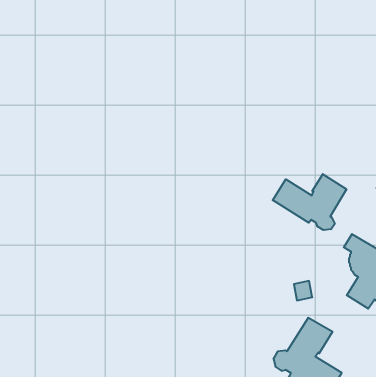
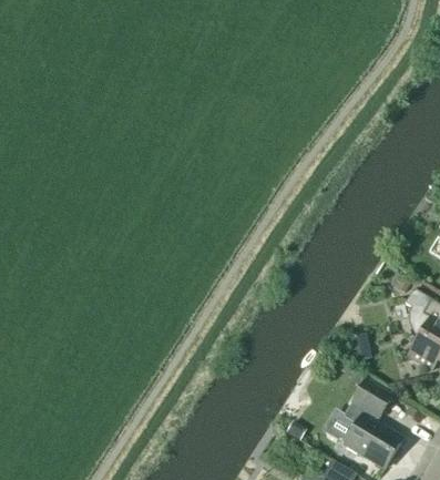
building: [273,174,346,230] -> none

